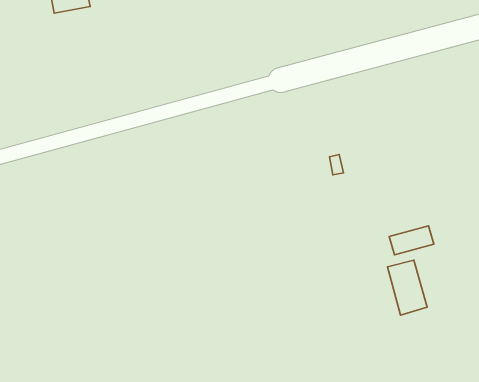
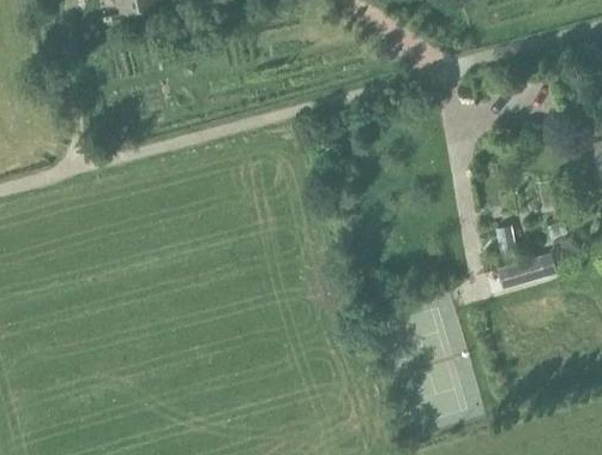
building: [387,260,427,315] -> none

